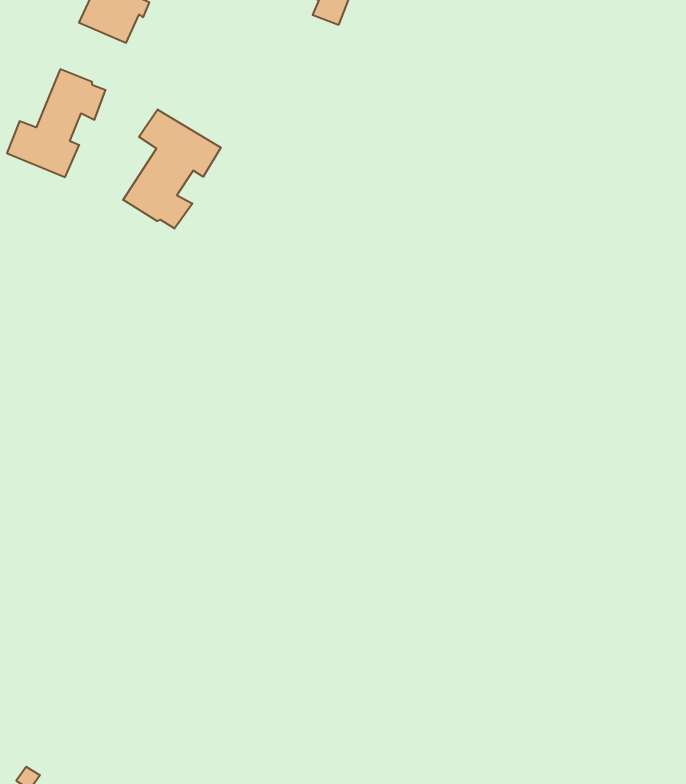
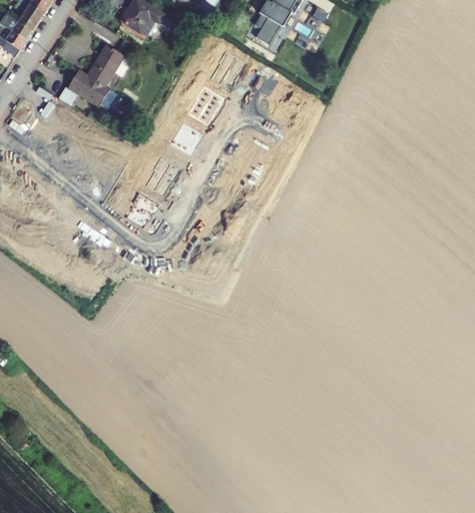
building: [123,109,221,229] -> none

